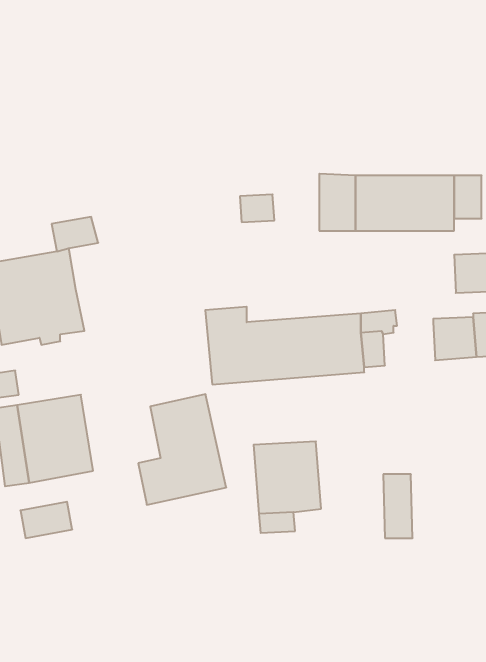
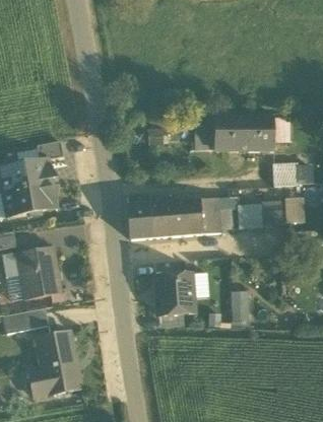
building: none -> [238,203,263,228]
building: [138,394,226,505] -> [29,331,81,396]

